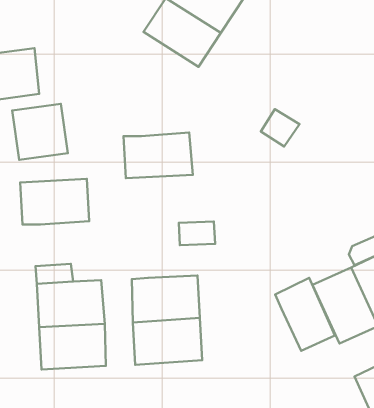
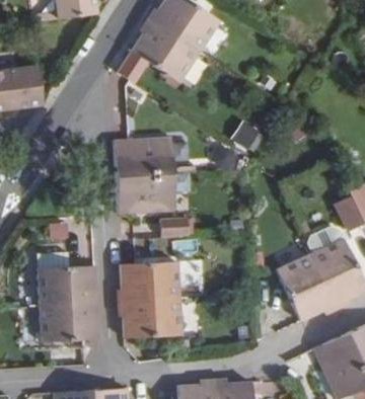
building: [12,104,68,160] -> none
building: [20,179,89,225] -> [116,174,175,214]
building: [275,278,335,351] -> none

